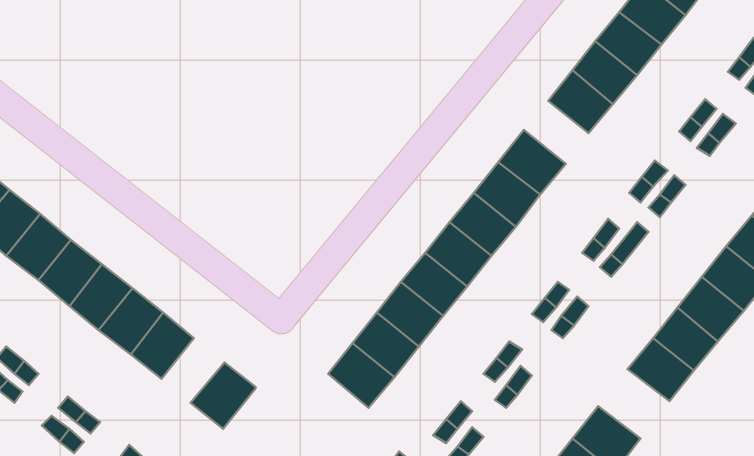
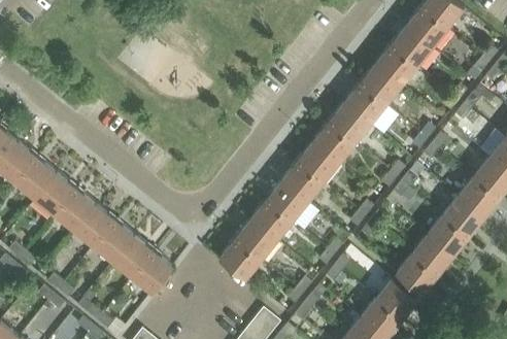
building: none -> [344,84,385,125]
building: none -> [113,236,154,277]
building: none -> [395,256,437,296]

